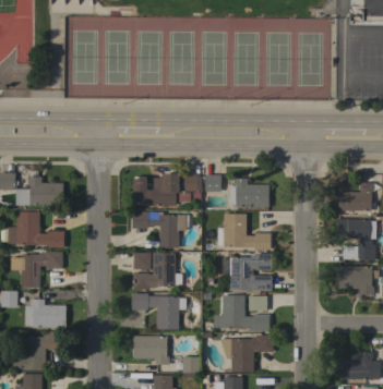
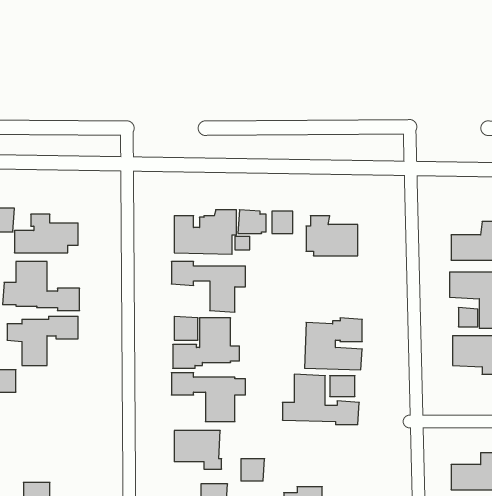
building: [223,214,271,250] -> none
building: [24,299,65,328] -> none
building: [13,333,62,370] -> none
building: [219,335,273,372] -> none

